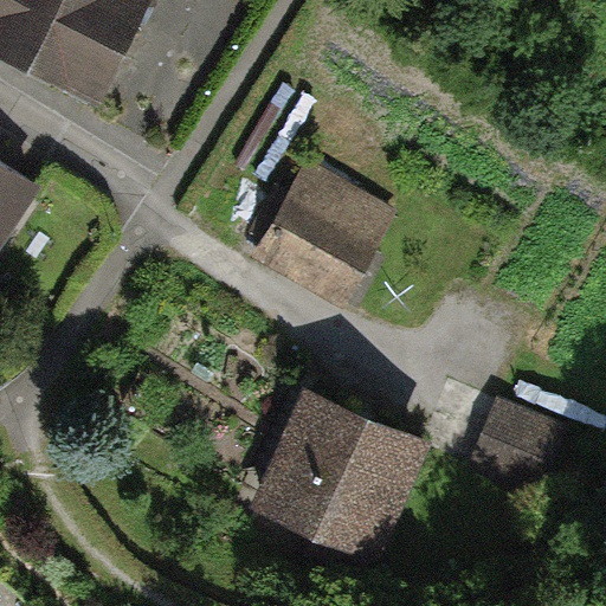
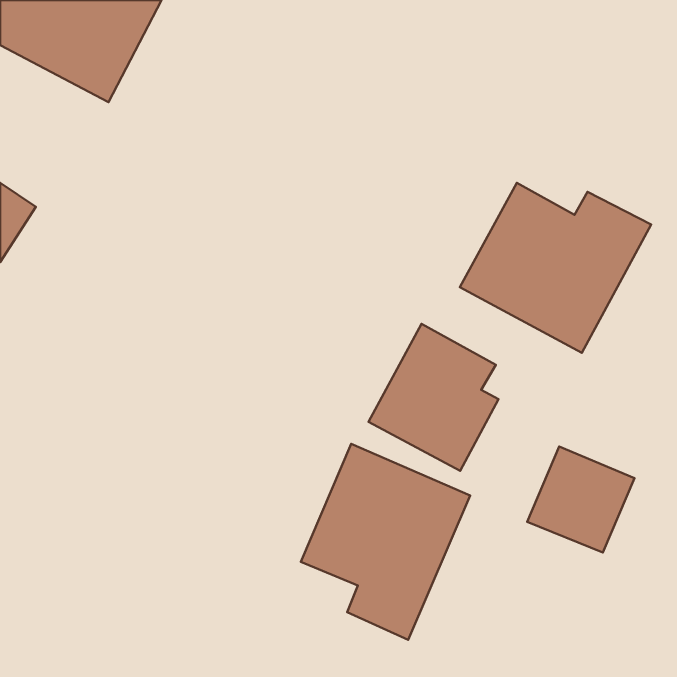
building: none -> [460,183,651,353]
building: [264,166,380,297] -> [369,324,498,471]

